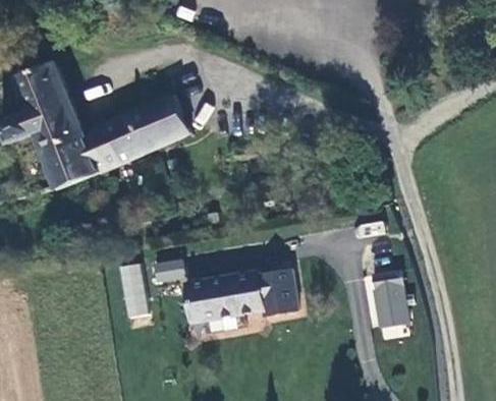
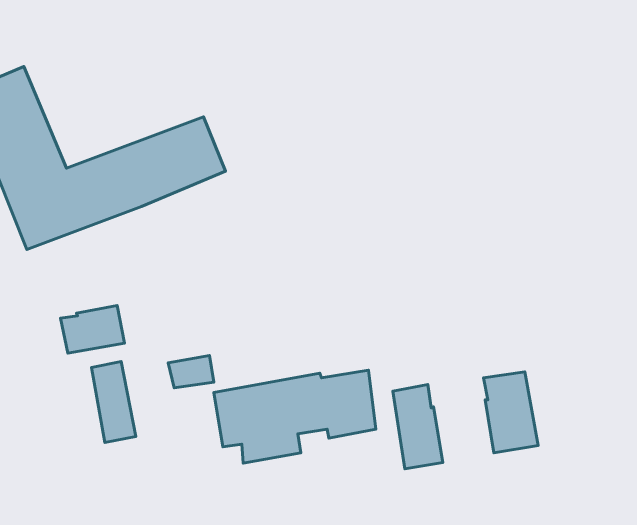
building: none -> [60,306,124,353]
building: none -> [393,384,443,469]

